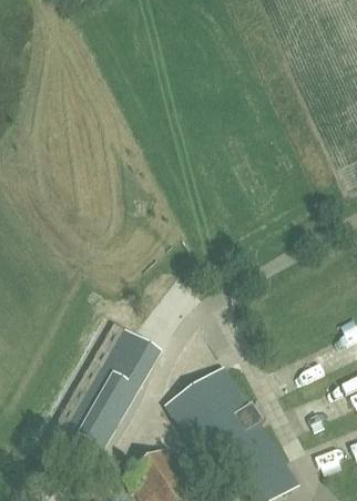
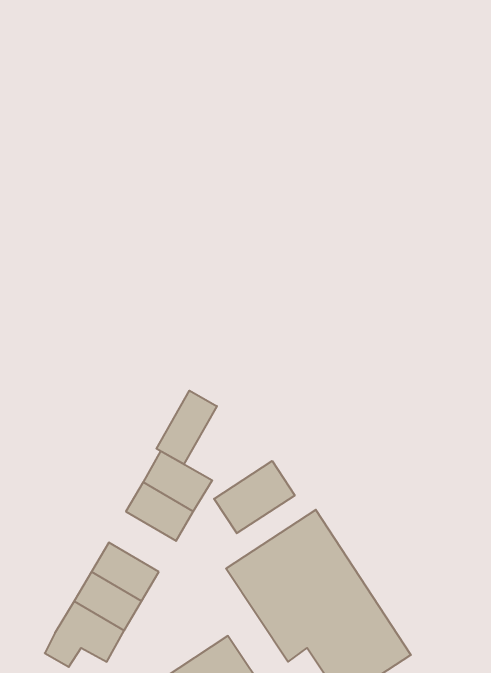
building: none -> [156,391,217,464]
building: none -> [214,461,295,533]
building: [92,368,135,407] -> none

